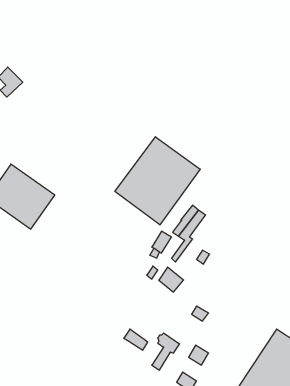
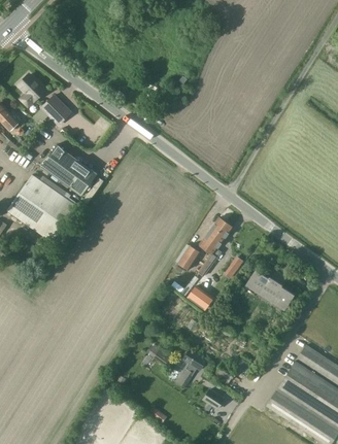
building: none -> [42,96,71,125]
building: none -> [40,144,98,196]
building: [115,137,200,225] -> none
building: none -> [247,271,295,309]

